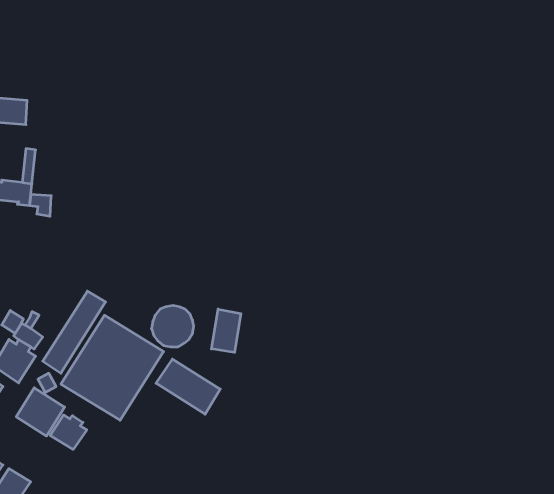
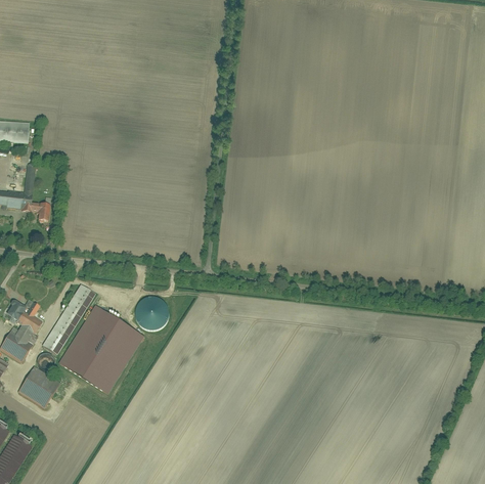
building: [211,309,241,352] -> none
building: [156,359,220,414] -> none
building: [50,415,87,449] -> none

